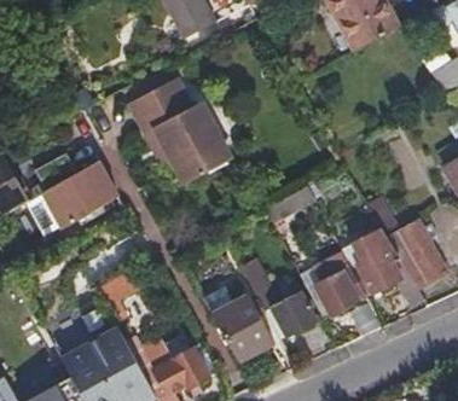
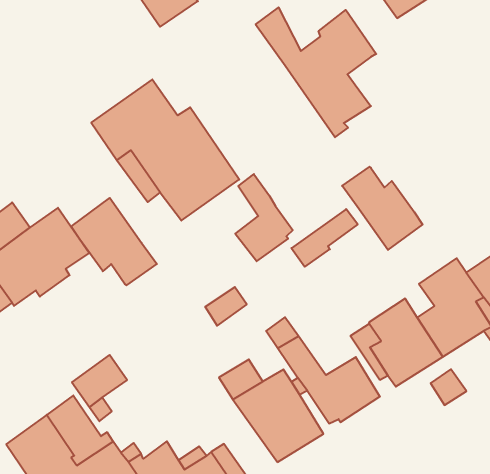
building: none -> [256,7,376,137]
building: none -> [235,174,293,261]
building: none -> [342,167,423,250]
building: none -> [71,198,157,285]

